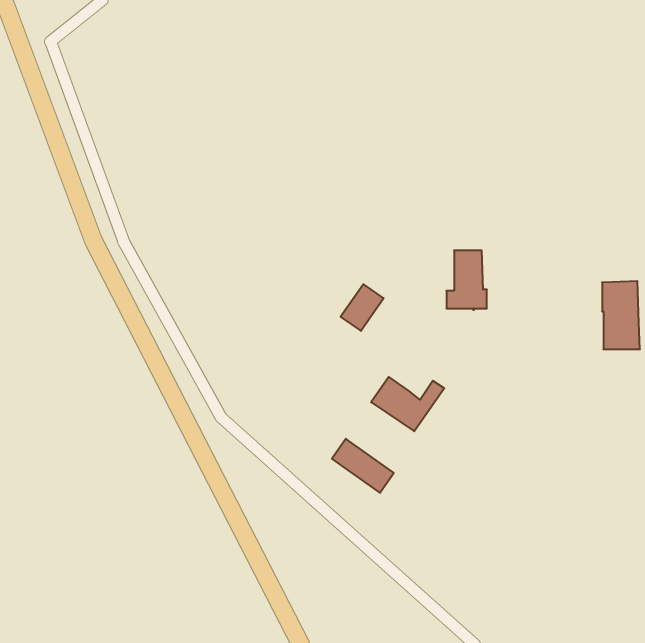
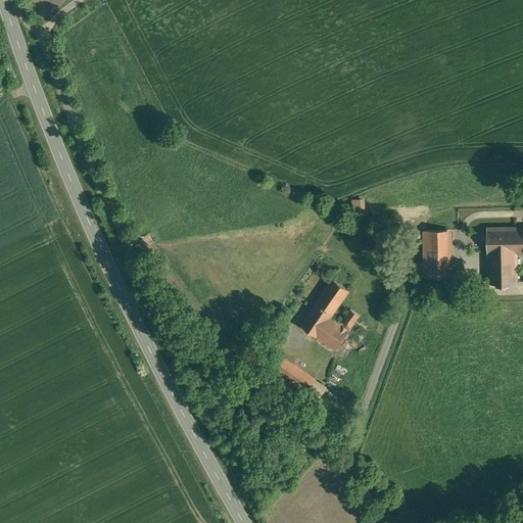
building: [446,250,487,310] -> [418,231,450,279]
building: [341,284,384,331] -> [315,280,349,318]

